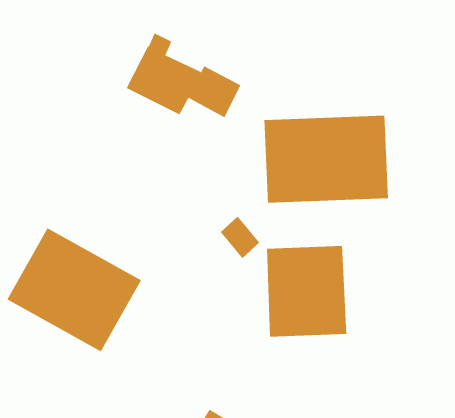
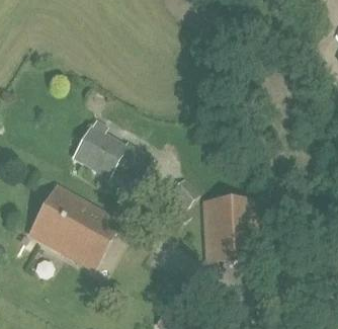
building: [126,33,241,118] -> [73,120,151,178]
building: [264,115,388,203] -> none

